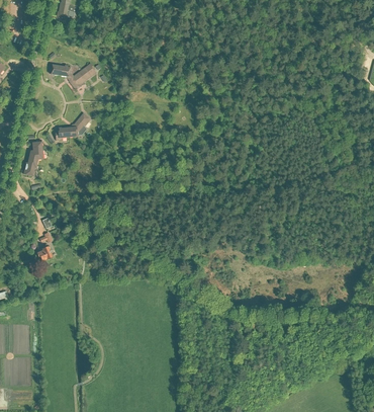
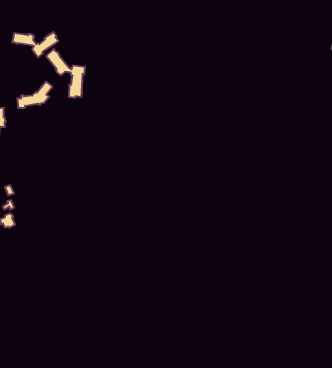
building: none -> [46,49,85,98]

